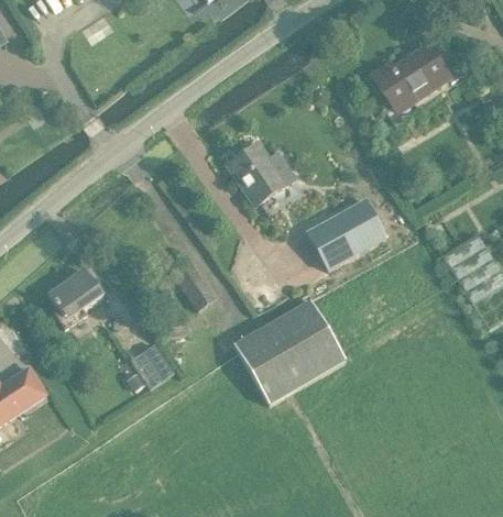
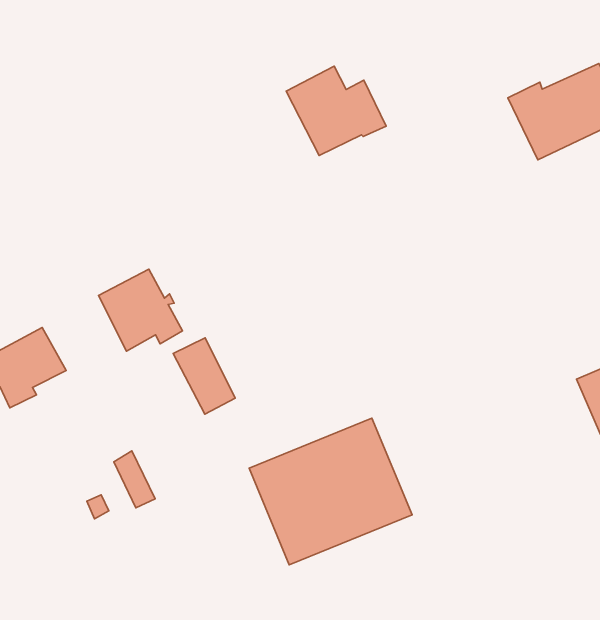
building: [228,143,297,204] -> [286,66,386,156]
building: [307,199,386,270] -> none
building: none -> [99,269,183,351]

